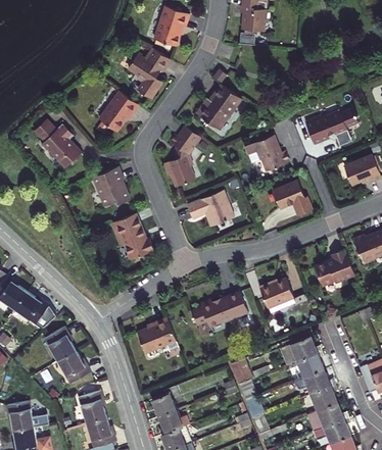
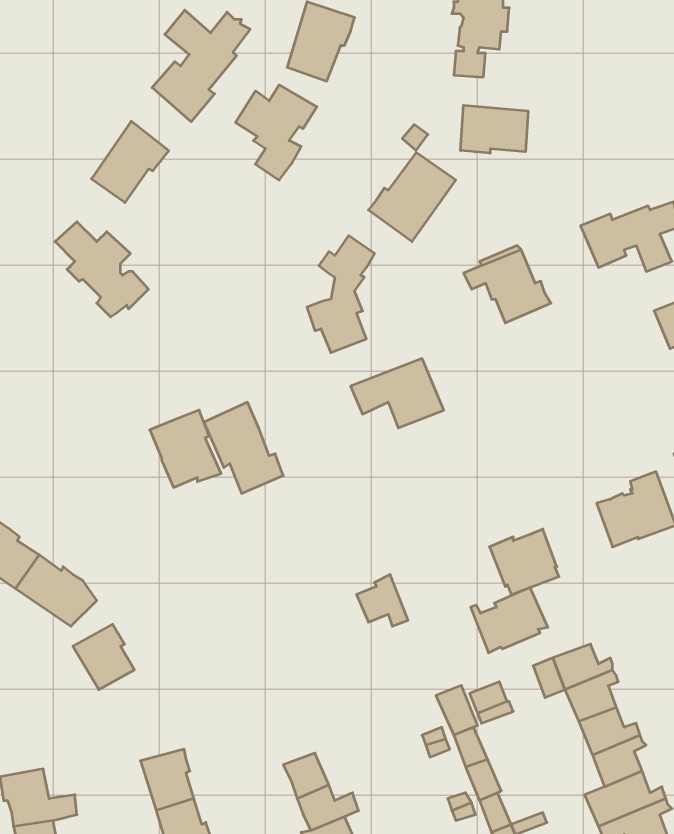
building: none -> [152,10,250,122]
building: none -> [461,105,528,153]
building: [99,90,139,132] -> [91,121,169,203]
building: [93,166,130,206] -> [150,410,221,487]
building: [273,181,312,214] -> none
building: [207,291,247,324] -> [471,587,548,653]
building: [137,317,180,354] -> none
building: [57,350,91,384] -> none

